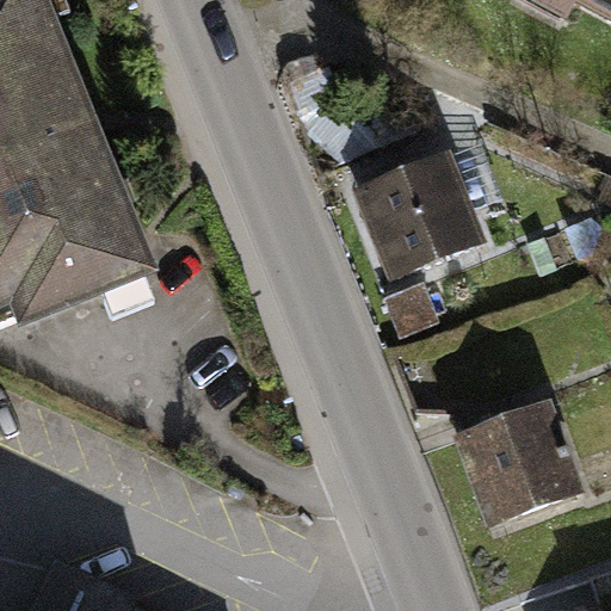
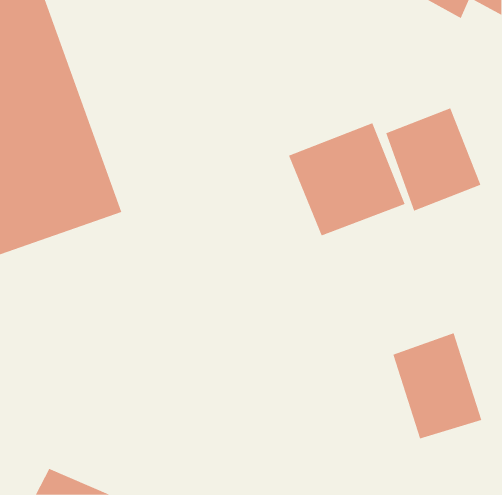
building: none -> [385,108,481,211]

